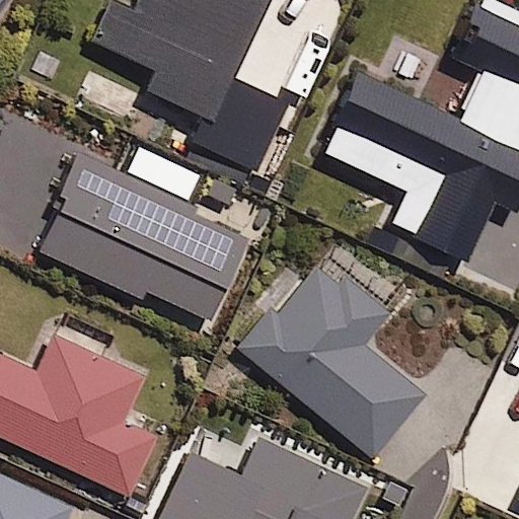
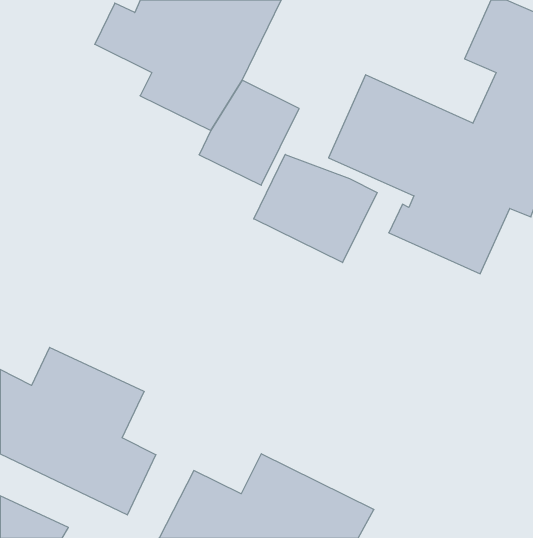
building: none -> [254,154,377,263]
building: [35,154,248,319] -> none
building: [239,255,424,458] -> none

